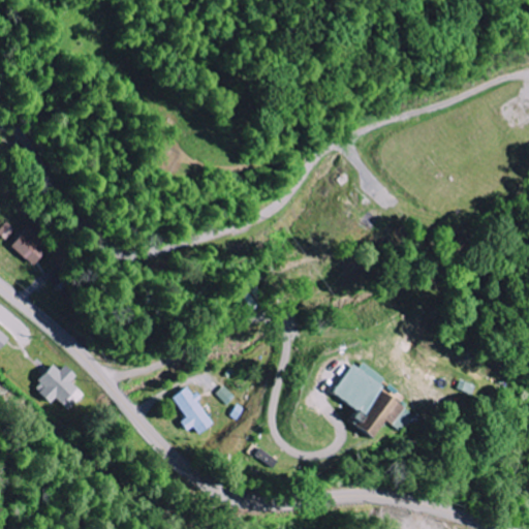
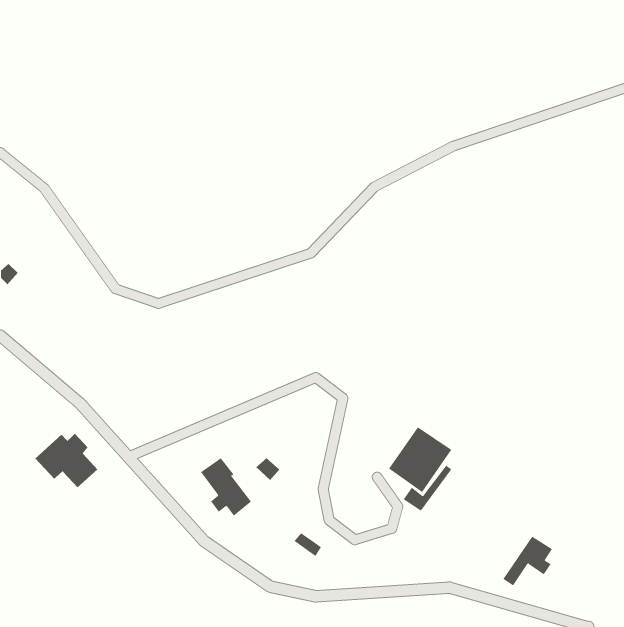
building: [13,226,49,266] -> none
building: [359,396,401,438] -> [503,536,553,586]

